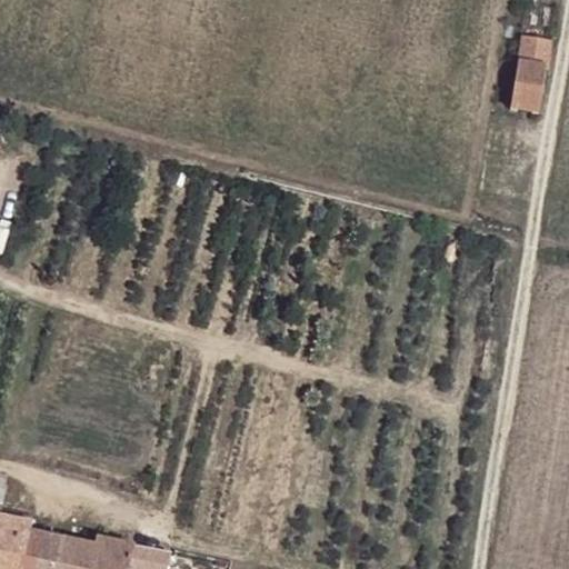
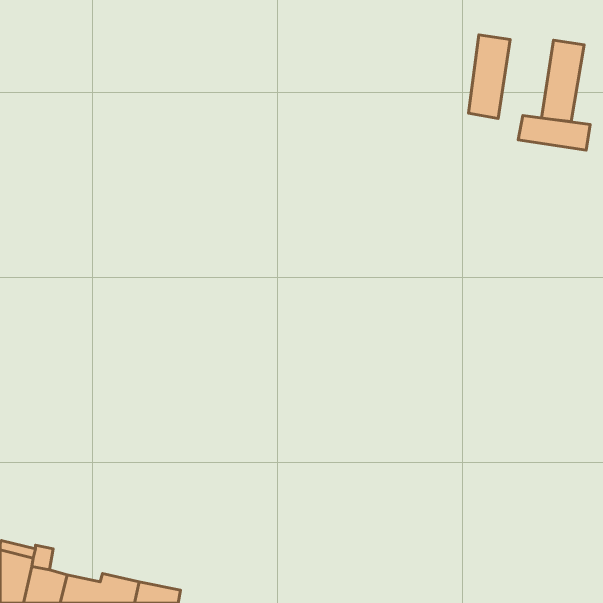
building: none -> [468,35,510,118]
building: none -> [518,115,590,150]

